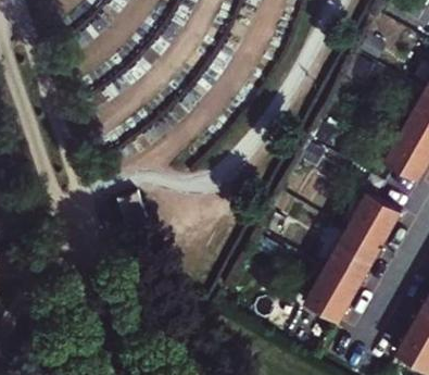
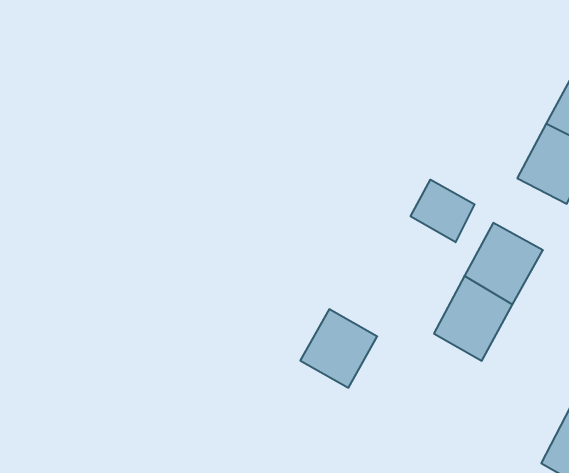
building: none -> [411,180,475,242]
building: [310,265,362,318] -> [300,309,377,388]

